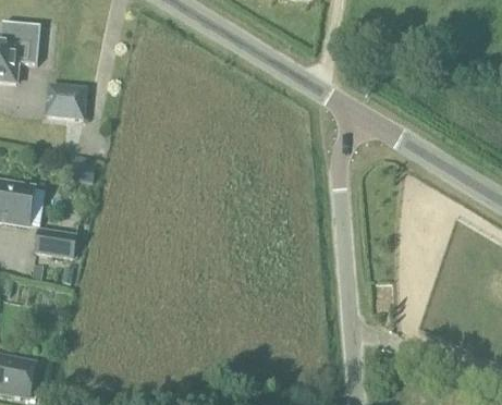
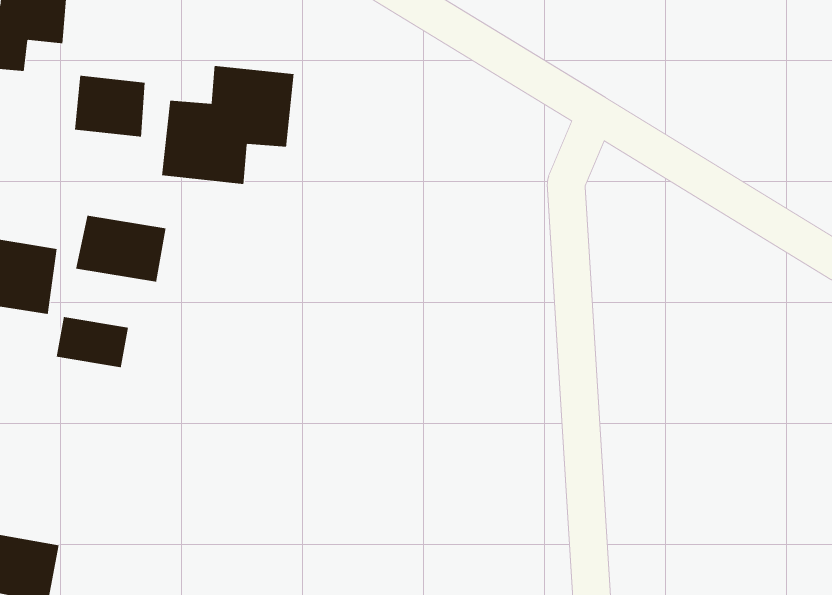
building: none -> [161,65,294,185]
building: none -> [75,215,166,283]

